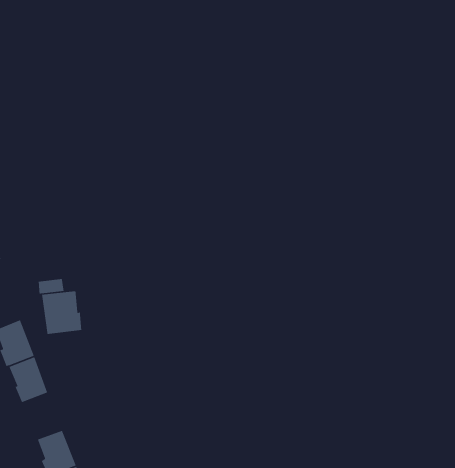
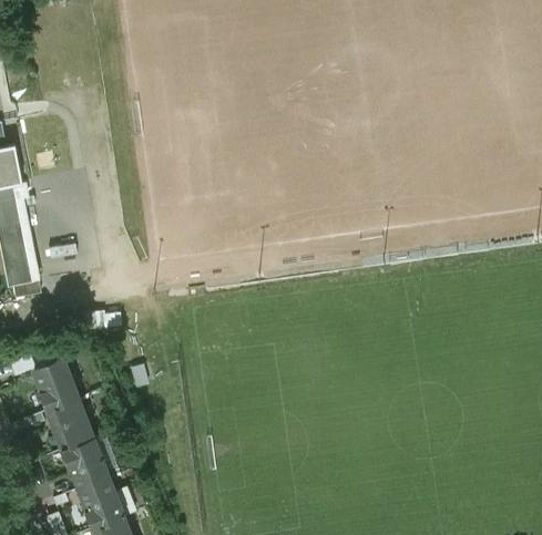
building: [41,290,82,335] -> none
building: none -> [61,438,108,487]

